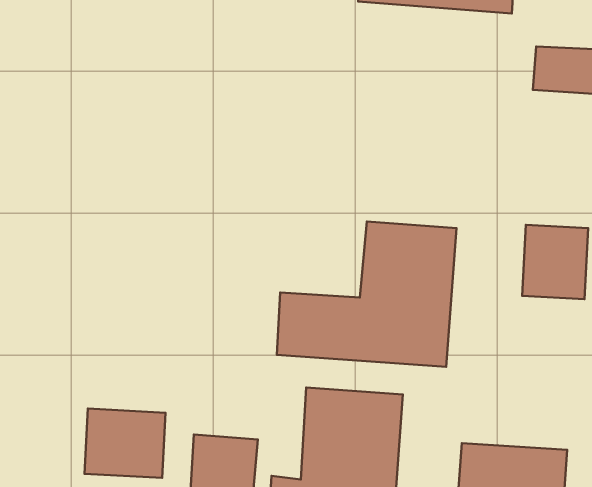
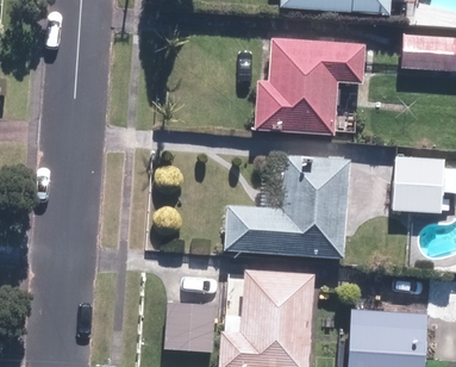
building: none -> [255,42,364,135]
building: [85,408,165,478] -> none

